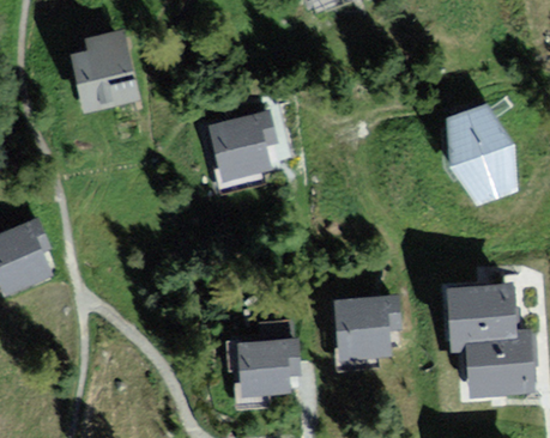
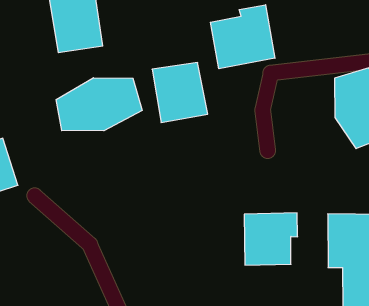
building: none -> [210,5,275,69]
building: none -> [56,78,142,131]
building: [234,334,304,395] -> none

